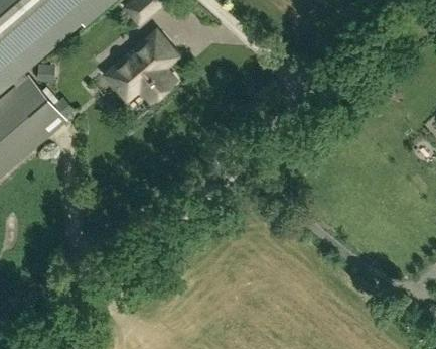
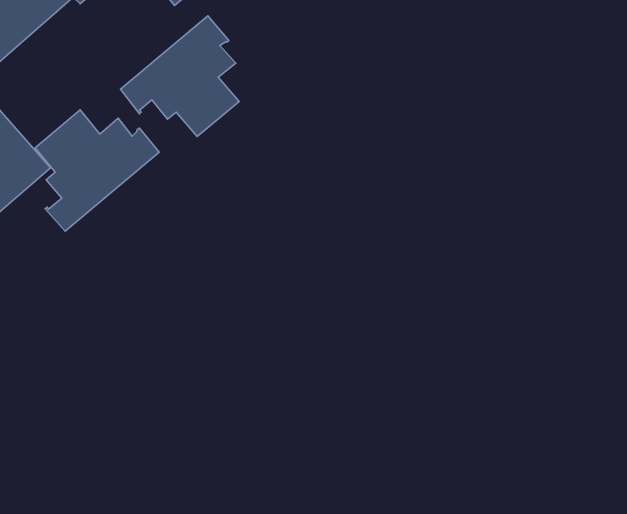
building: none -> [35,110,159,231]

